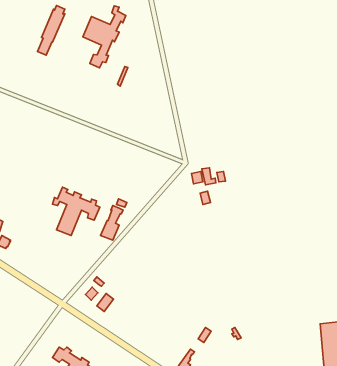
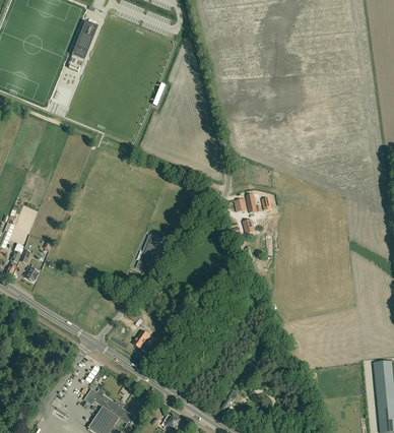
building: [83,6,126,68] -> none
building: [52,187,100,236] -> none

